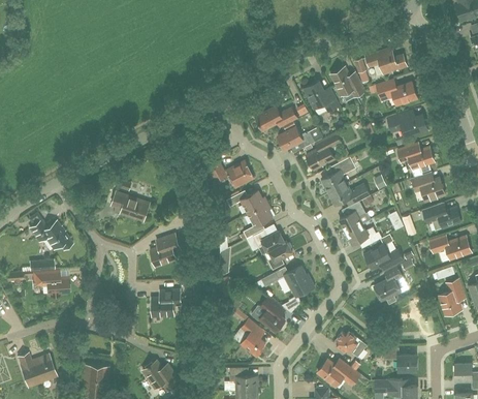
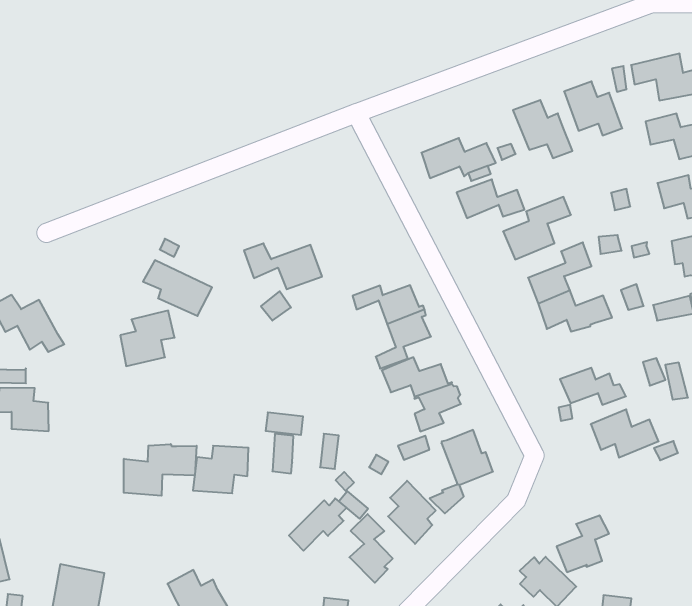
building: [209,160,253,186] -> [244,243,322,289]
building: [339,199,365,232] -> none
building: [150,233,180,266] -> [120,311,175,366]
building: [374,266,402,299] -> [557,515,609,572]
building: none -> [124,444,197,496]
building: none -> [289,498,347,551]

